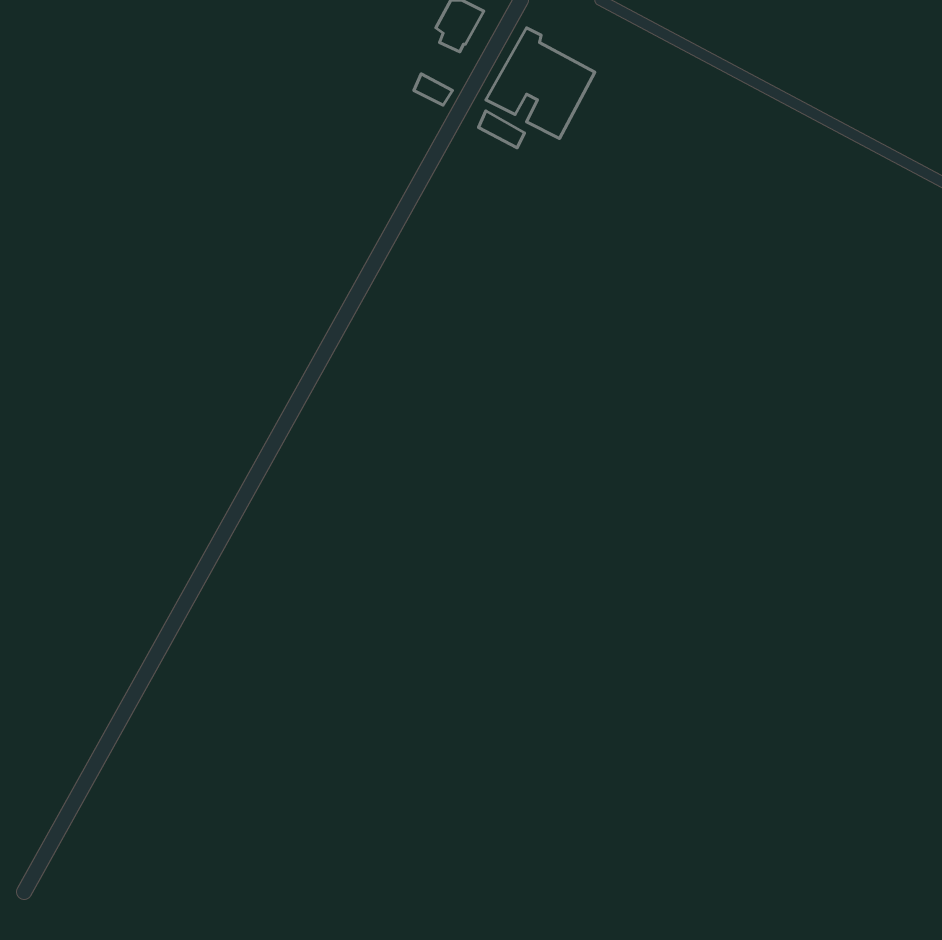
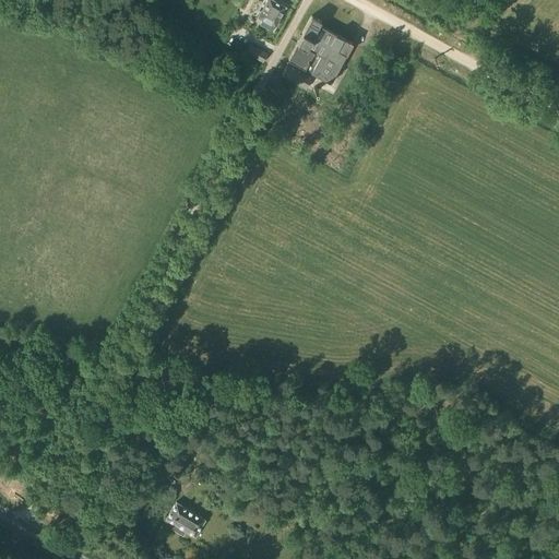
building: none -> [166,504,205,538]

